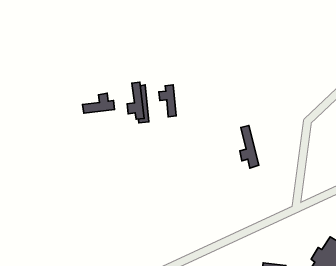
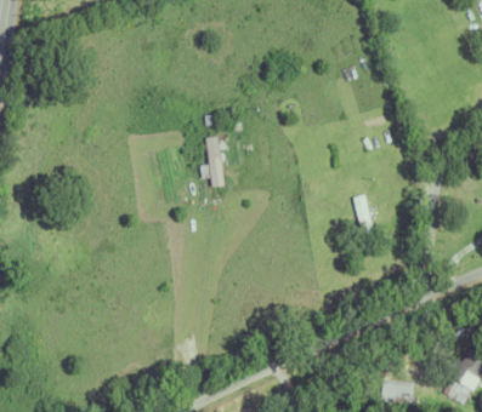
building: [159,85,176,117] -> none
building: [83,93,115,113] -> none

